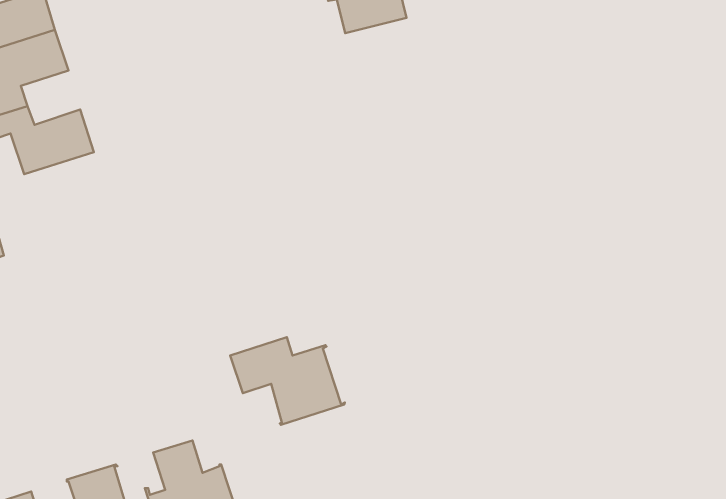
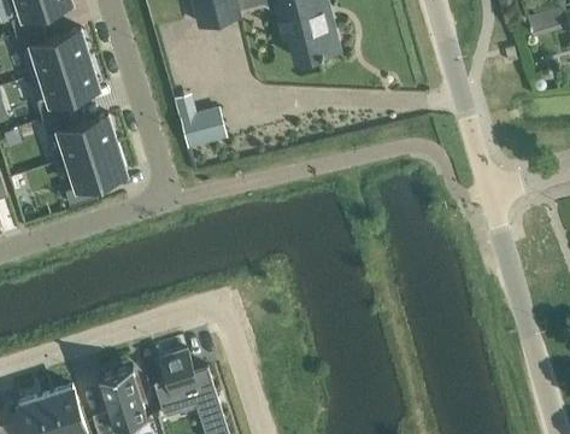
building: none -> [181,110,227,147]
building: none -> [66,145,127,205]
building: [230,337,345,425] -> none

